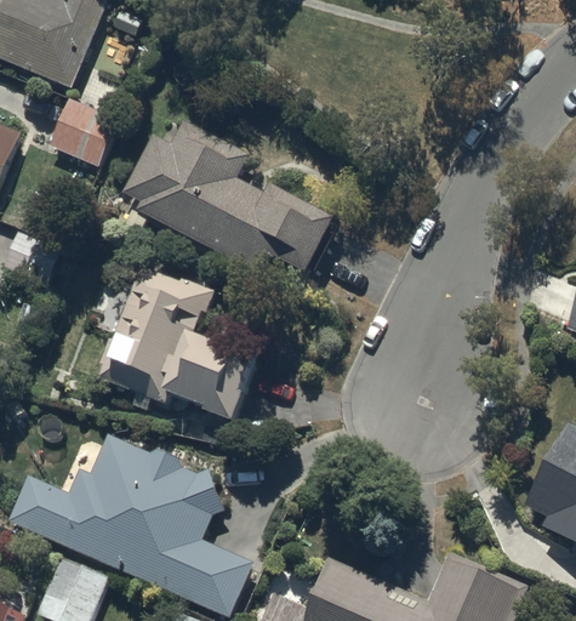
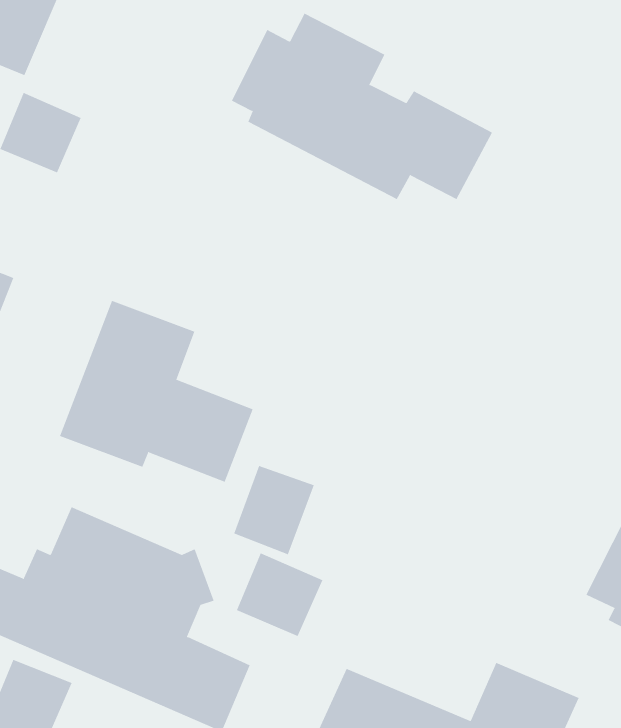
building: [124,121,336,273] -> [231,13,493,200]
building: none -> [234,465,314,555]
building: none -> [236,552,323,637]

